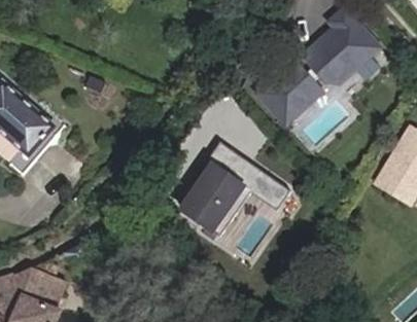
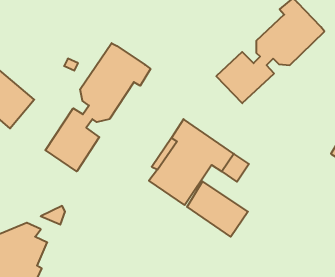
building: none -> [45,43,150,171]
building: none -> [187,181,248,237]

